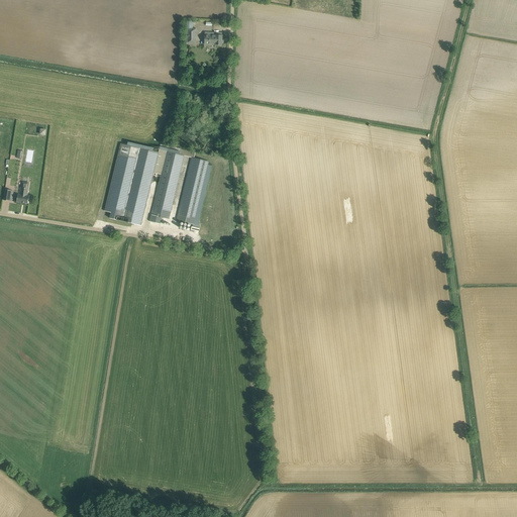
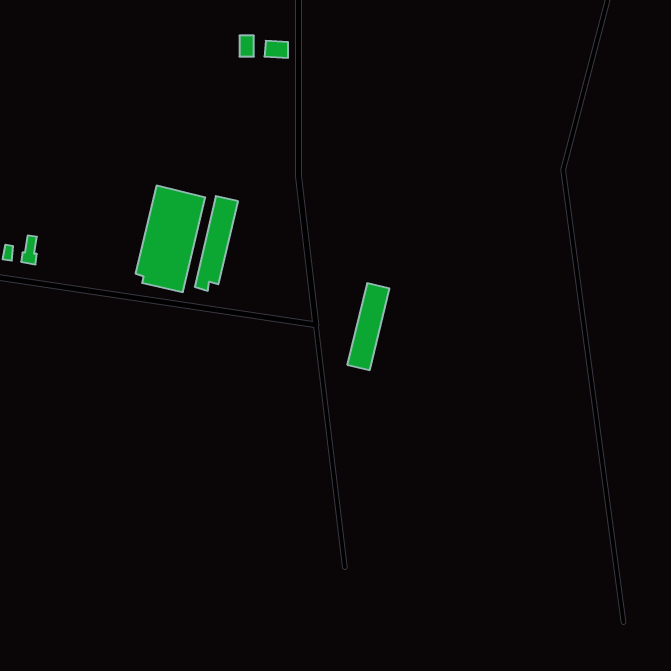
building: [176,157,208,223] -> [347,283,389,370]

